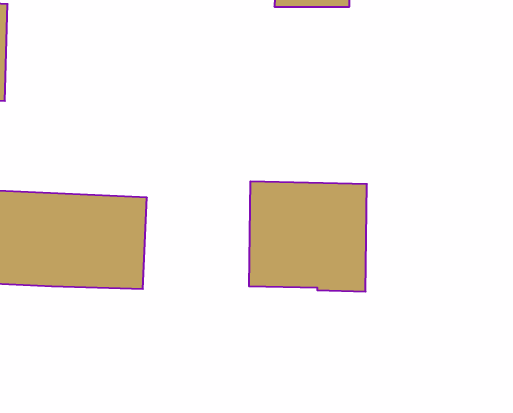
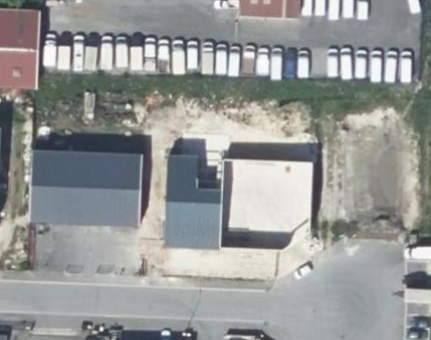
building: none -> [162,150,218,244]

